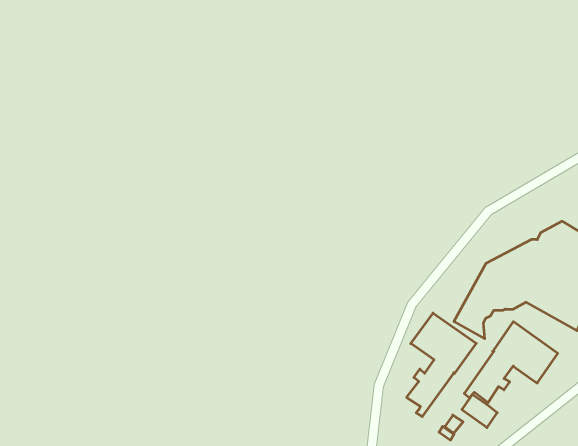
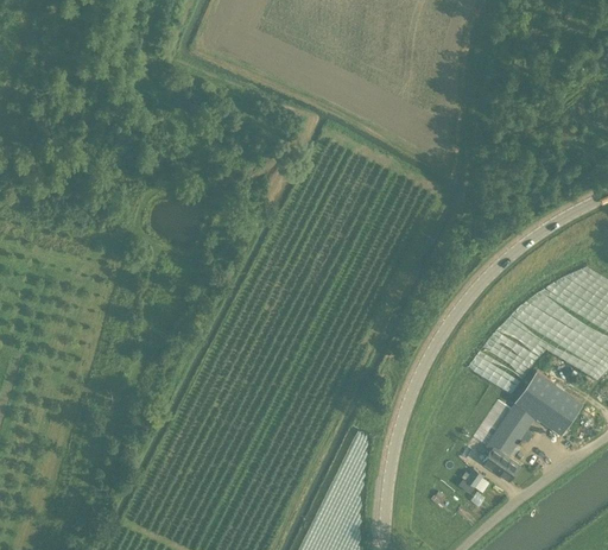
building: [407,313,476,417] -> none

